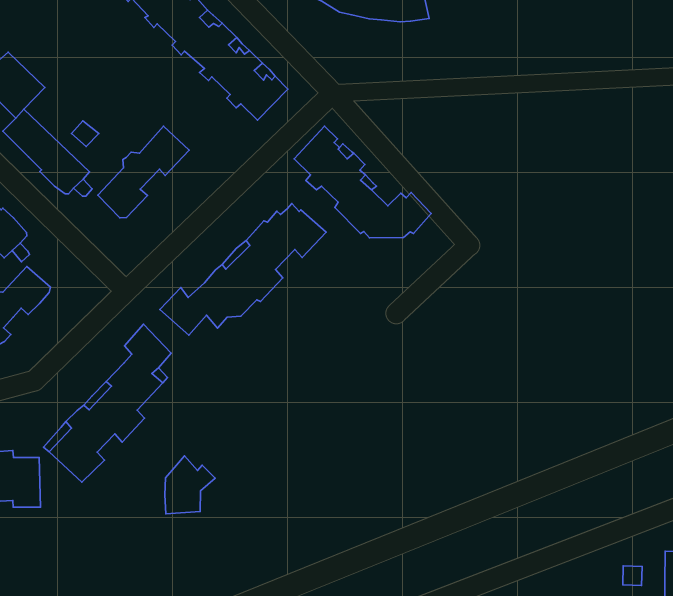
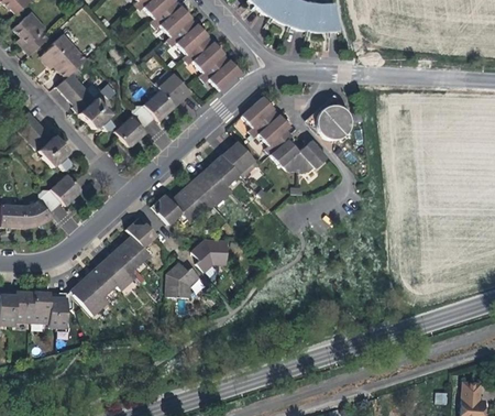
building: none -> [156,69,189,106]
building: none -> [310,98,353,141]
building: none -> [191,239,227,272]
building: [165,456,215,514] -> [166,261,199,297]

